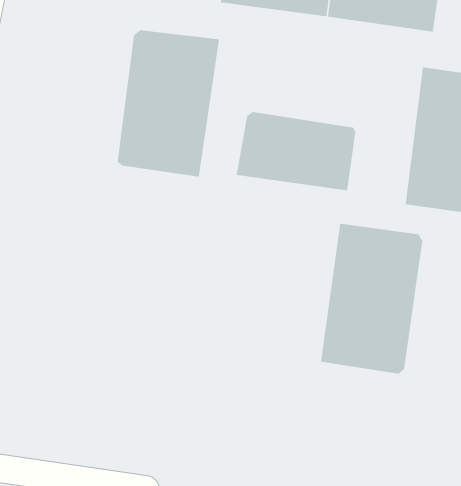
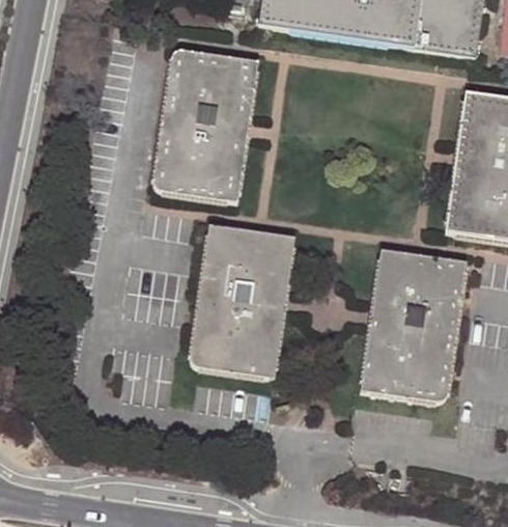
building: [236,111,356,191] -> none
building: none -> [189,223,292,378]

